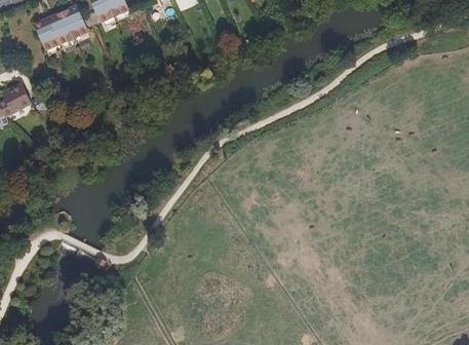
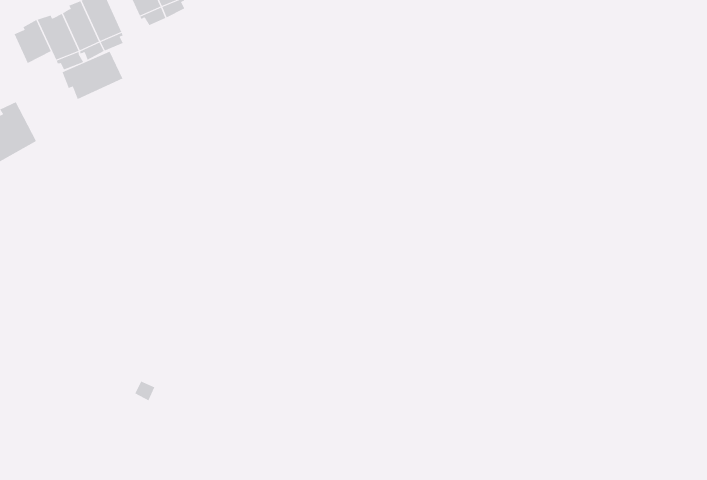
building: none -> [14,19,51,64]
building: none -> [62,51,123,100]

